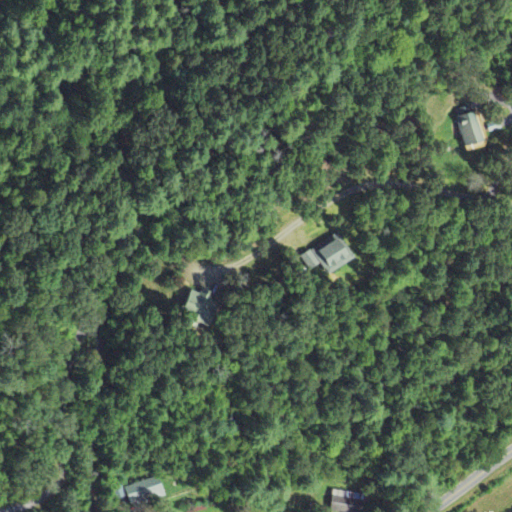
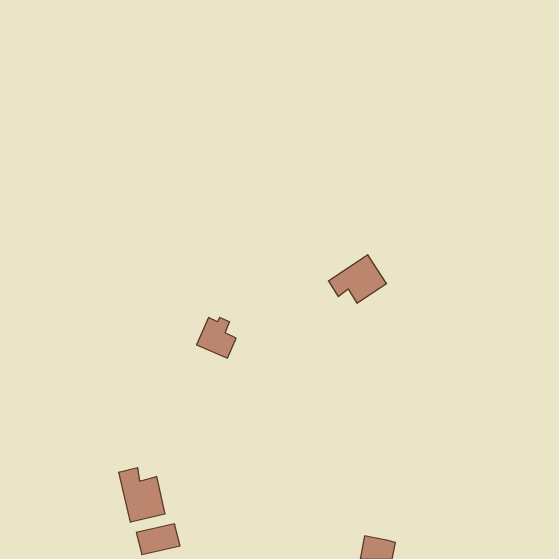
building: [456,111,483,147] -> none
building: none -> [119,468,165,522]

